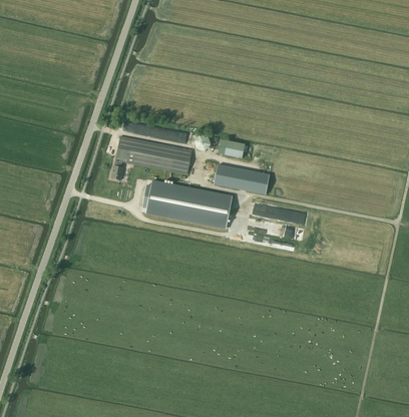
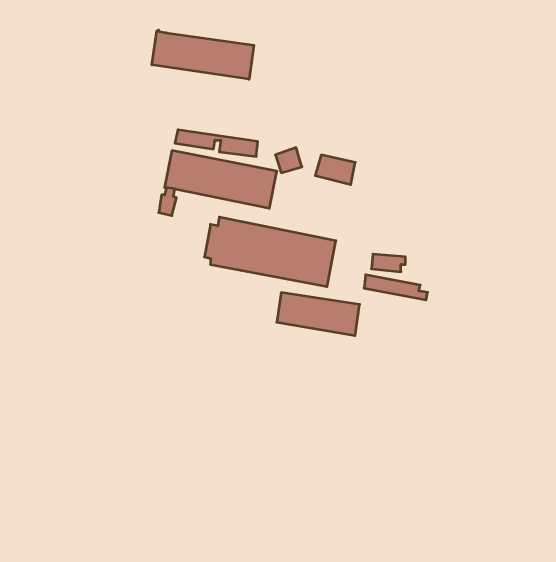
building: none -> [152,30,254,79]
building: [212,164,268,193] -> [277,293,360,336]

